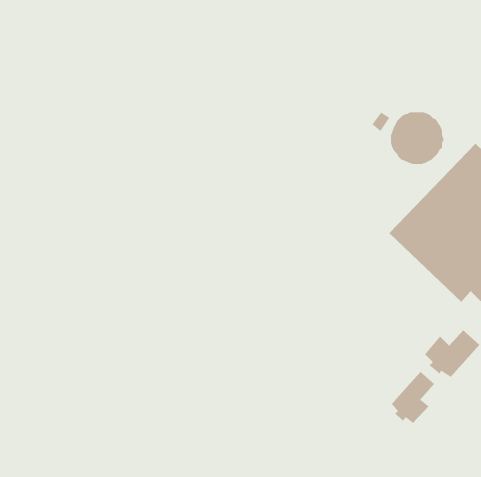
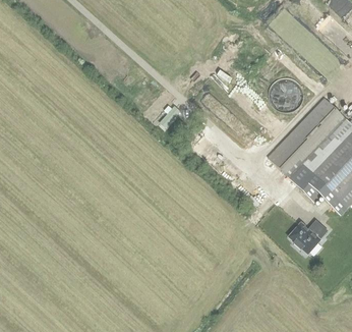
building: [391,371,435,424] -> none

